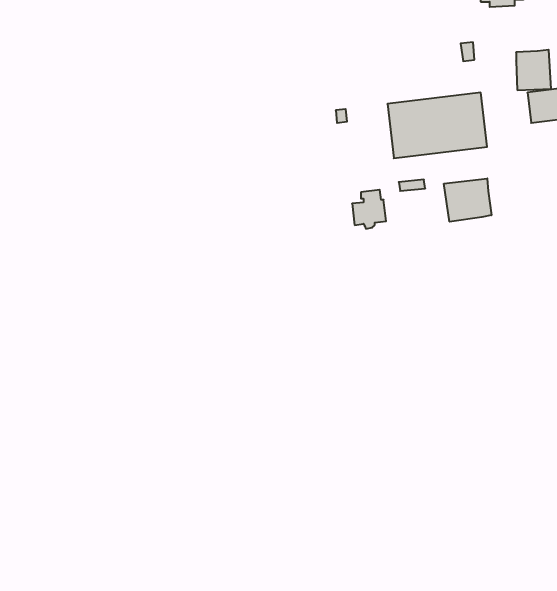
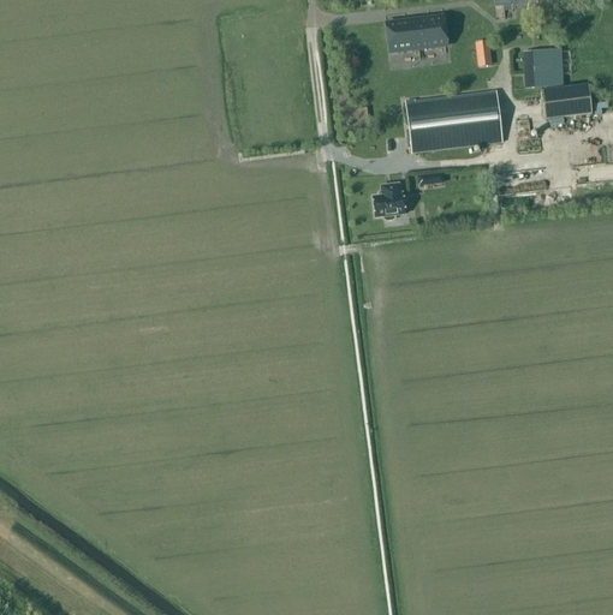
building: none -> [387,16,448,52]
building: [444,178,491,222] -> none

